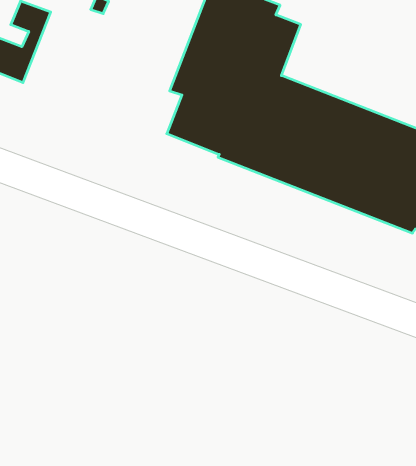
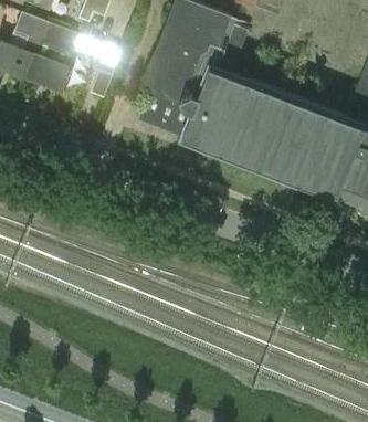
building: none -> [24,22,122,93]

